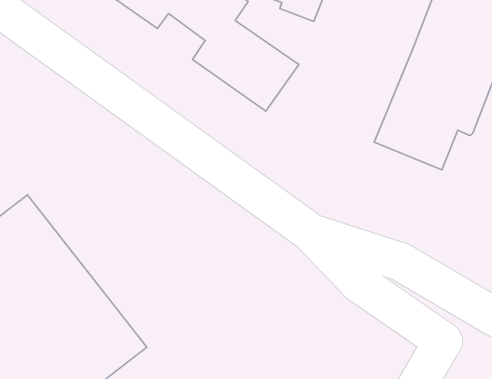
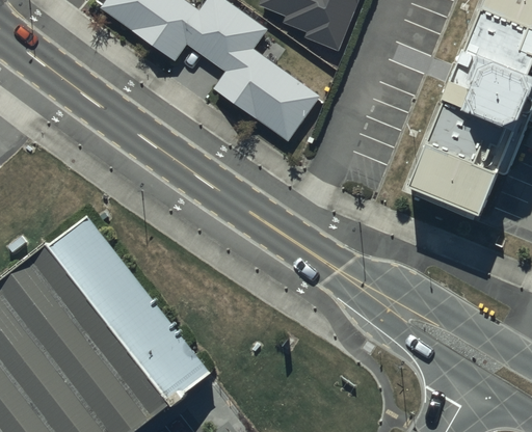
building: none -> [46,215,209,399]

